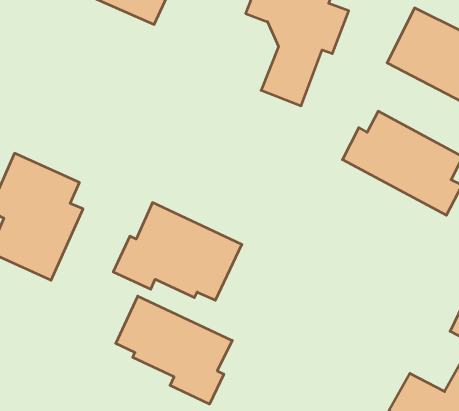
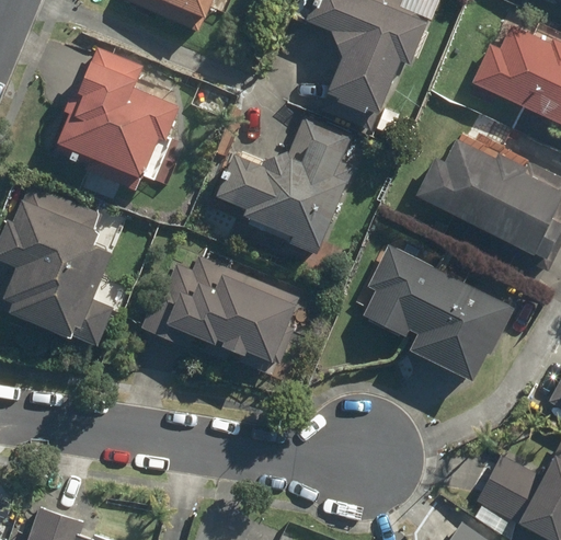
building: none -> [57,43,182,194]
building: none -> [214,116,354,252]
building: none -> [355,244,513,383]
building: [116,296,232,404] -> none

